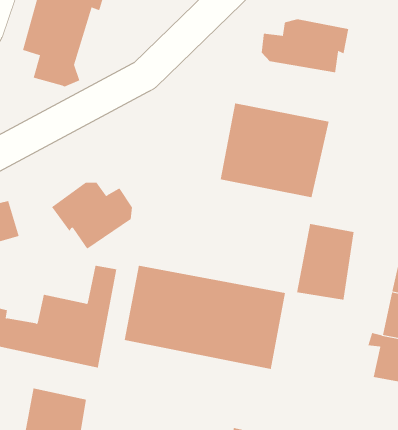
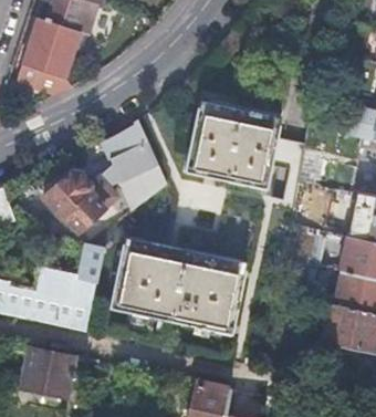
building: [261,18,349,73] -> none
building: none -> [84,119,168,202]
building: [297,223,354,301] -> none

